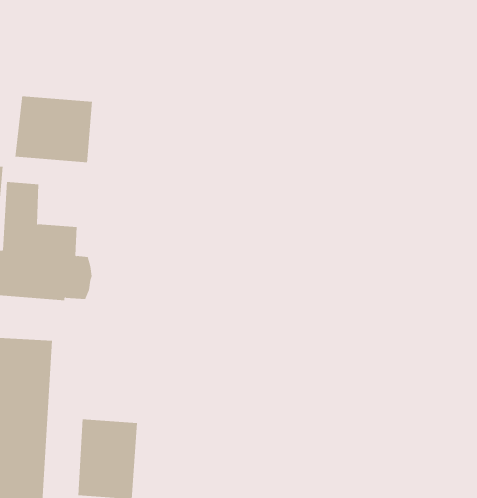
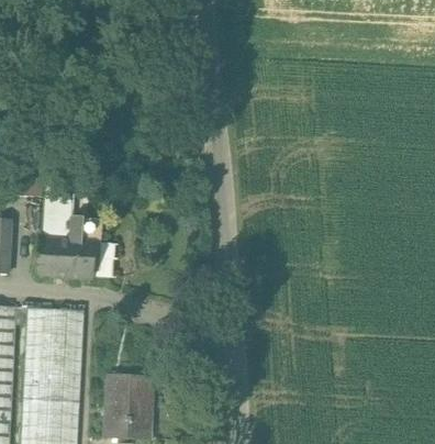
building: [15,95,93,163] -> none

